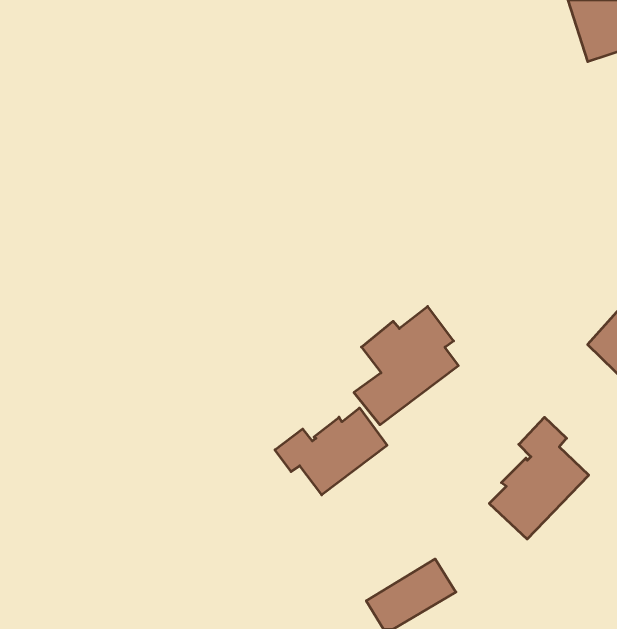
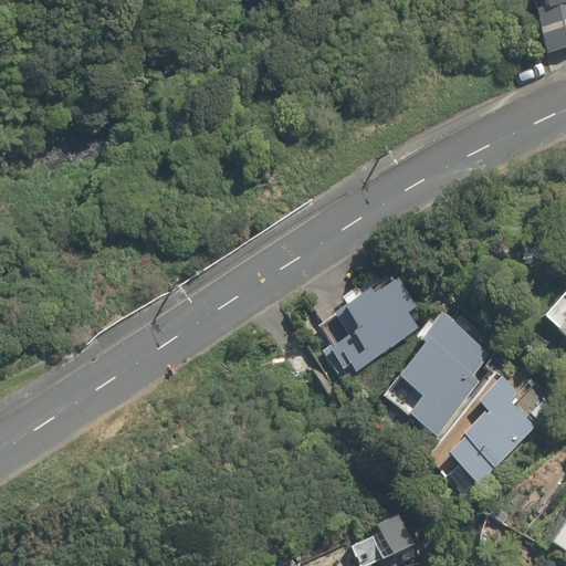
building: none -> [396,312,503,457]
building: [275,408,387,495] -> none

